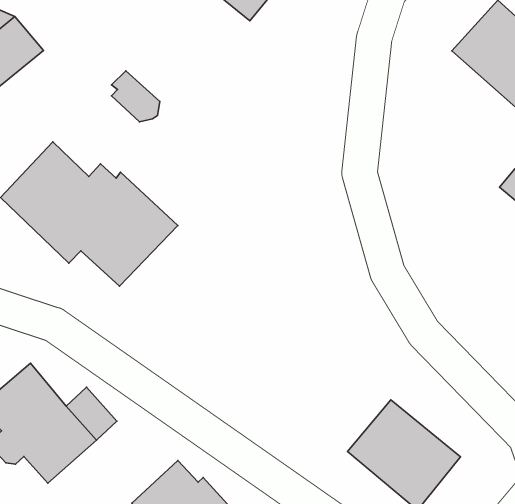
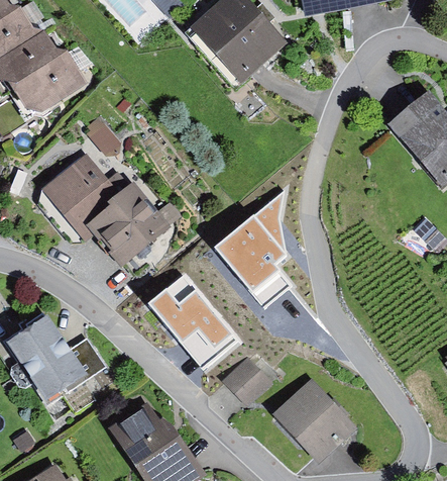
building: [111,71,160,122] -> [87,116,122,156]
building: none -> [214,191,289,305]
building: none -> [148,274,241,370]
building: none -> [221,357,271,407]

